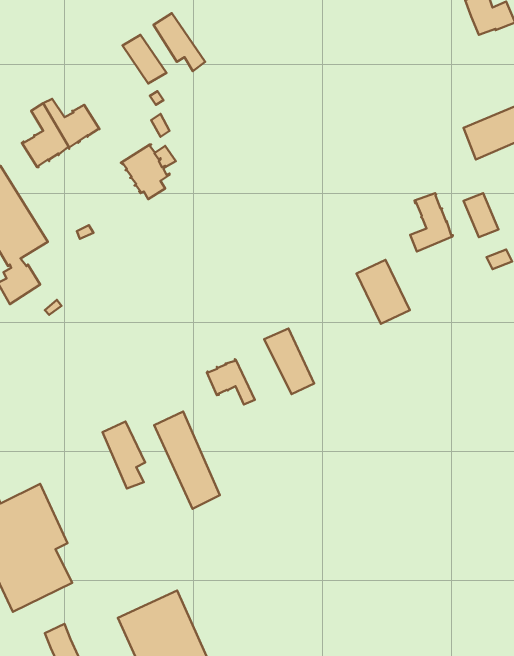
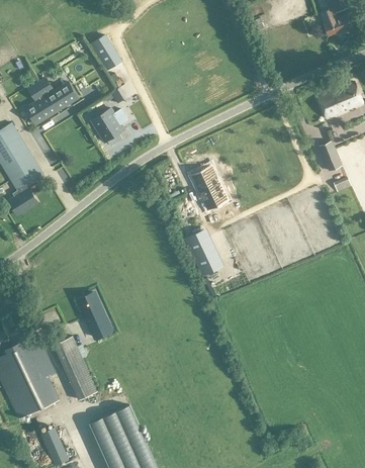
building: [154,13,205,71] -> none
building: [410,193,453,251] -> none
building: [356,260,410,324] -> [192,167,227,209]
building: [207,359,255,405] -> none
building: [154,411,220,509] -> [54,336,97,400]

